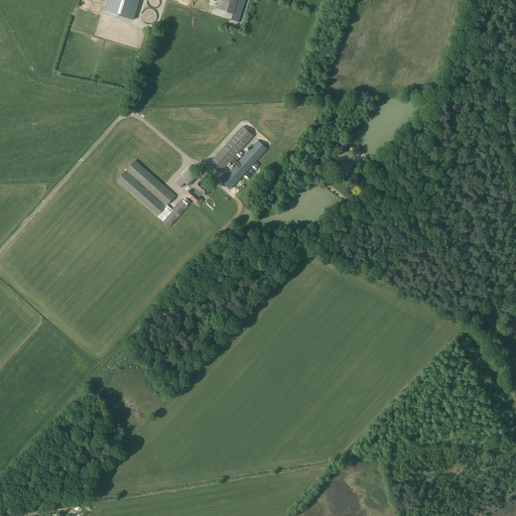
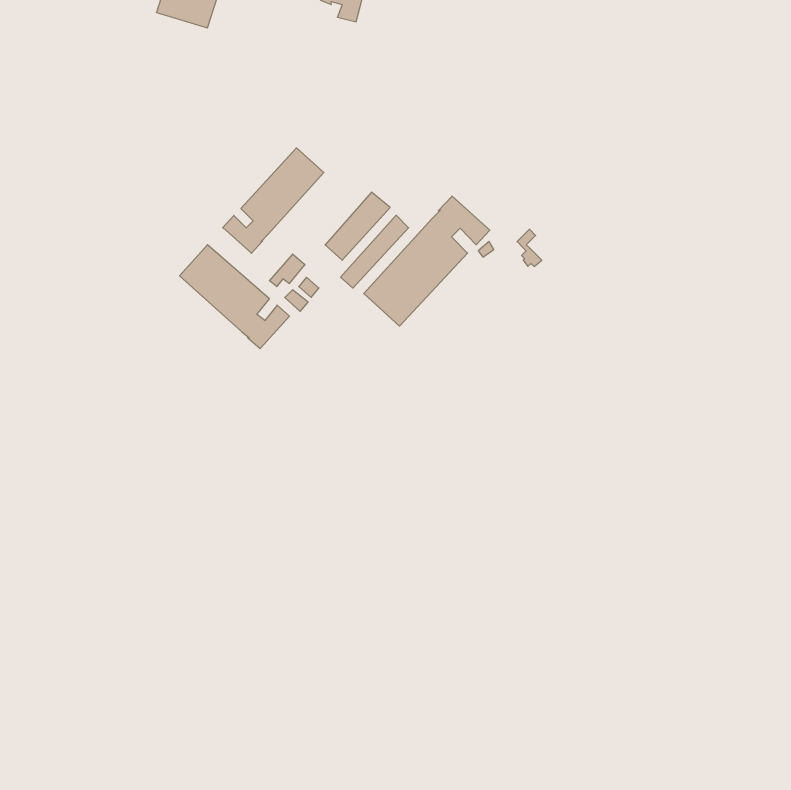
building: none -> [223,148,324,253]
building: none -> [364,196,490,326]

